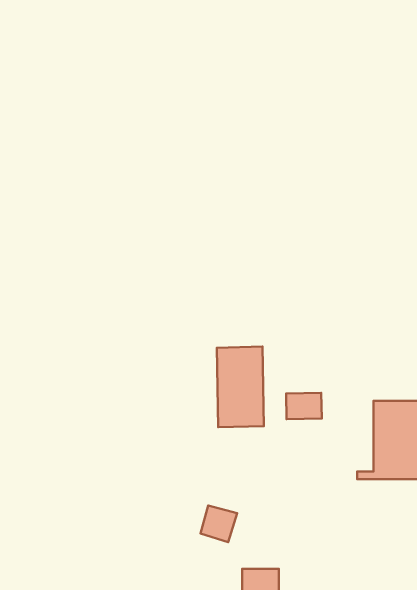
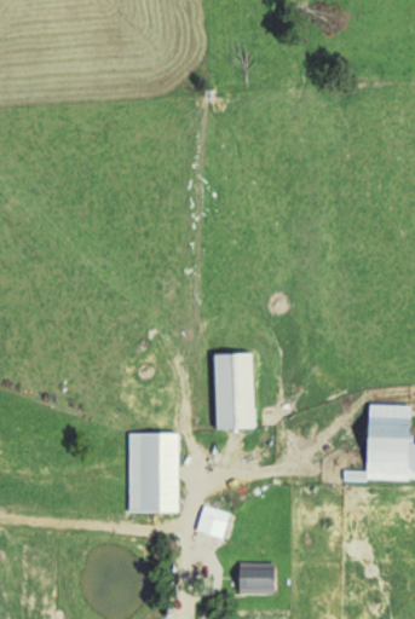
building: [286,393,322,419] -> none
building: none -> [129,433,179,513]

